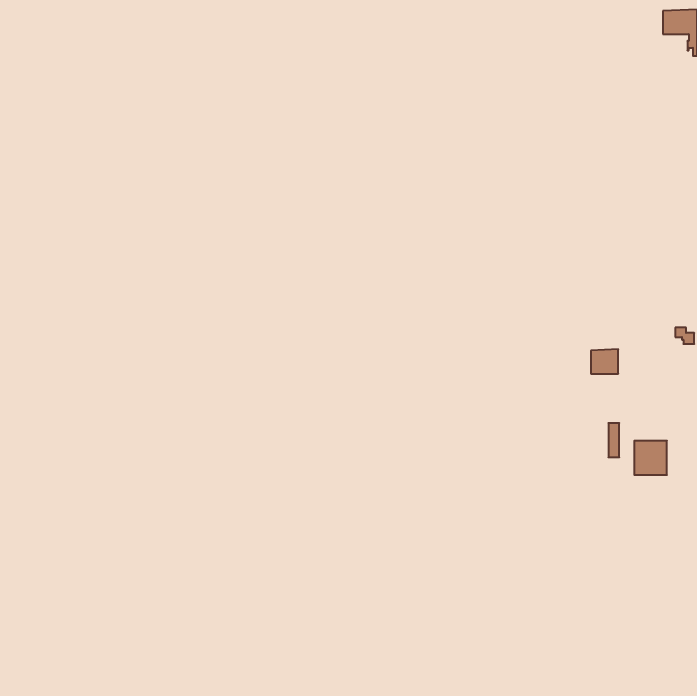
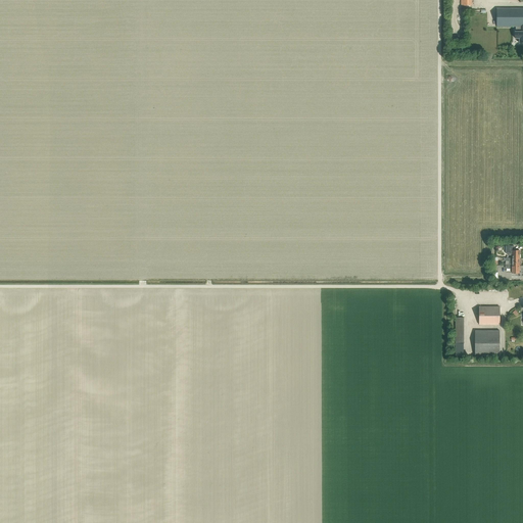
building: [591,349,618,374] -> [479,305,500,324]

